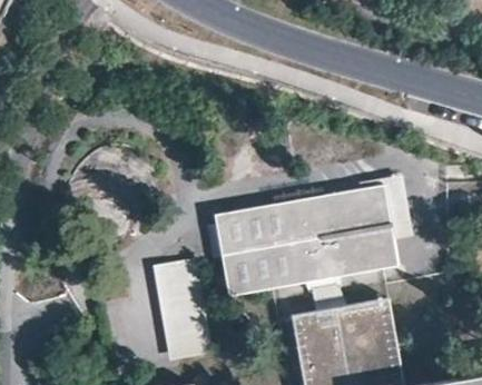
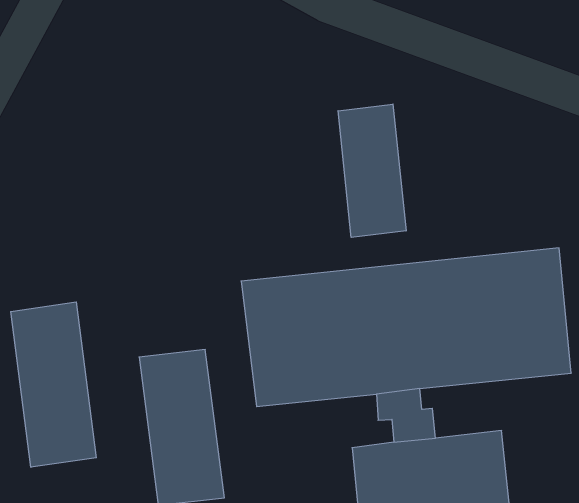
building: none -> [338,104,406,237]
building: none -> [11,302,96,467]

